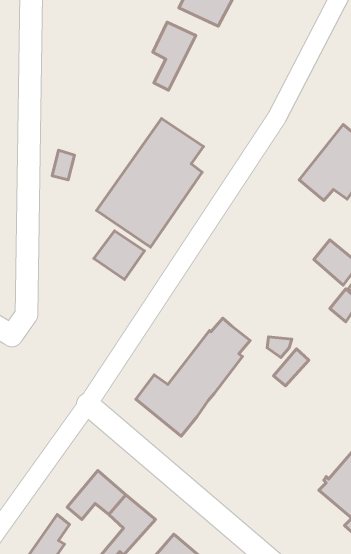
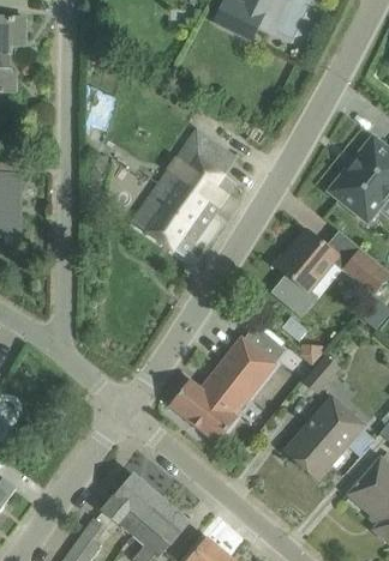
building: [153,22,196,90] -> none
building: none -> [273,229,337,315]
building: [94,231,144,280] -> none
building: none -> [288,397,364,479]

